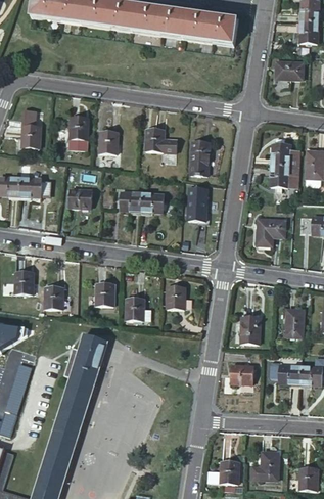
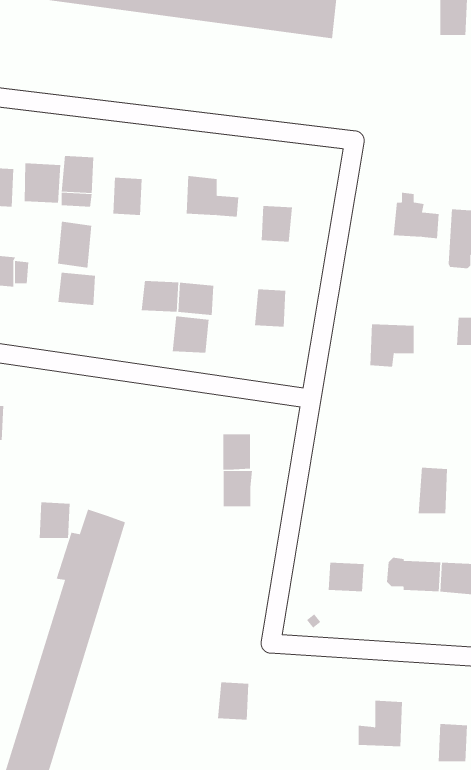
building: [276,62,304,80] -> none
building: none -> [24,163,61,203]
building: none -> [58,221,92,268]
building: [271,166,299,193] -> none
building: none -> [172,315,209,354]
building: [97,280,114,303] -> none
building: [45,284,64,307] -> [39,502,70,538]
building: [127,298,145,320] -> [223,470,253,507]
building: [246,317,266,345] -> none
building: [220,459,239,483] -> [217,682,249,720]

